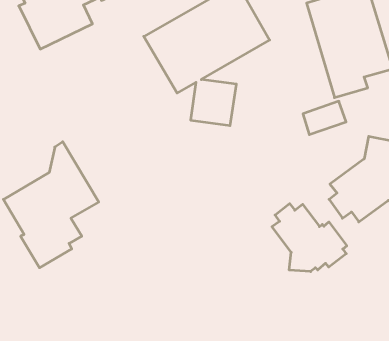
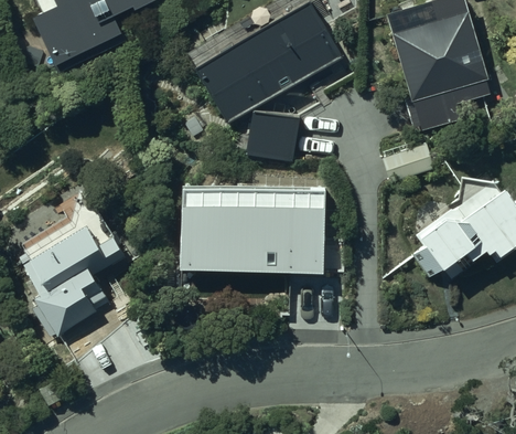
building: none -> [175,181,331,268]
building: [272,204,347,272] -> none

